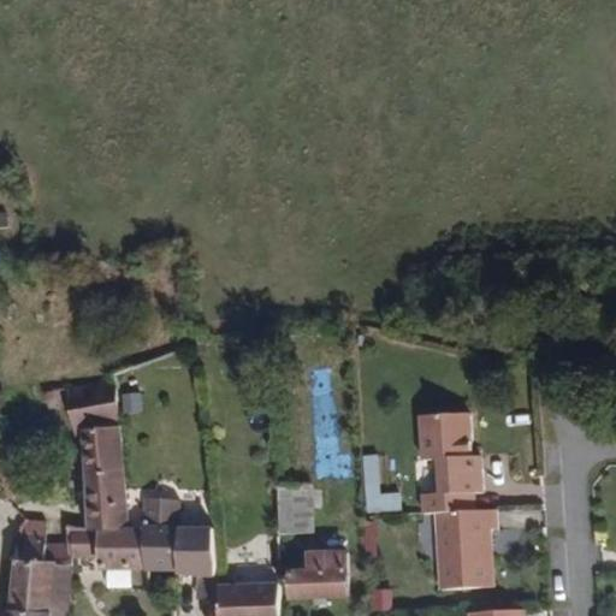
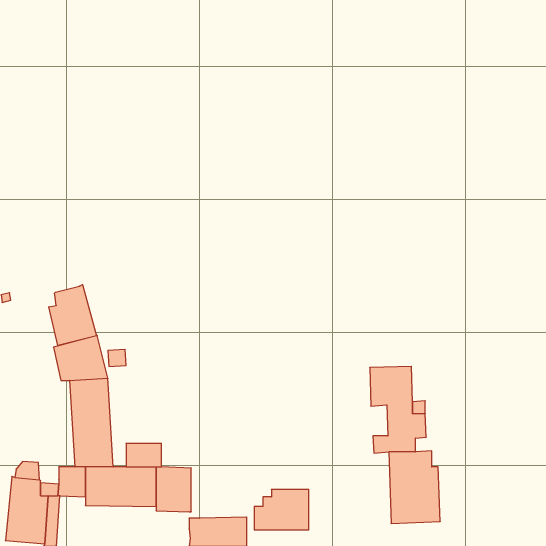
building: none -> [49,285,97,345]
building: [365,456,403,513] -> none
building: [278,487,316,534] -> none

